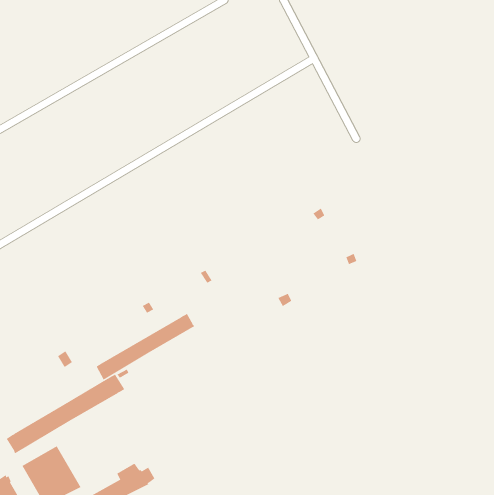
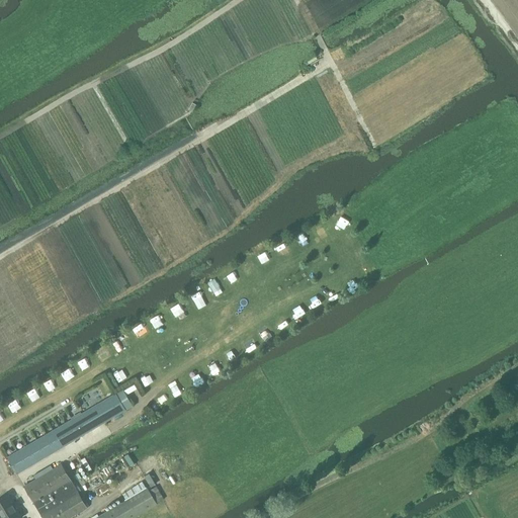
building: [96,313,195,380] -> none

